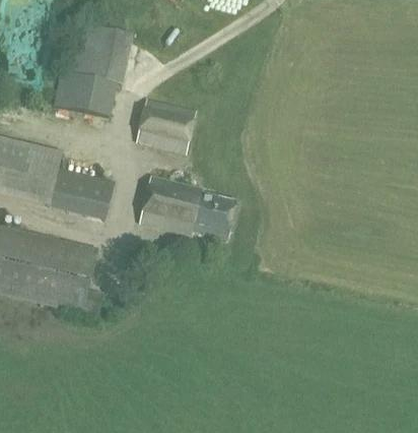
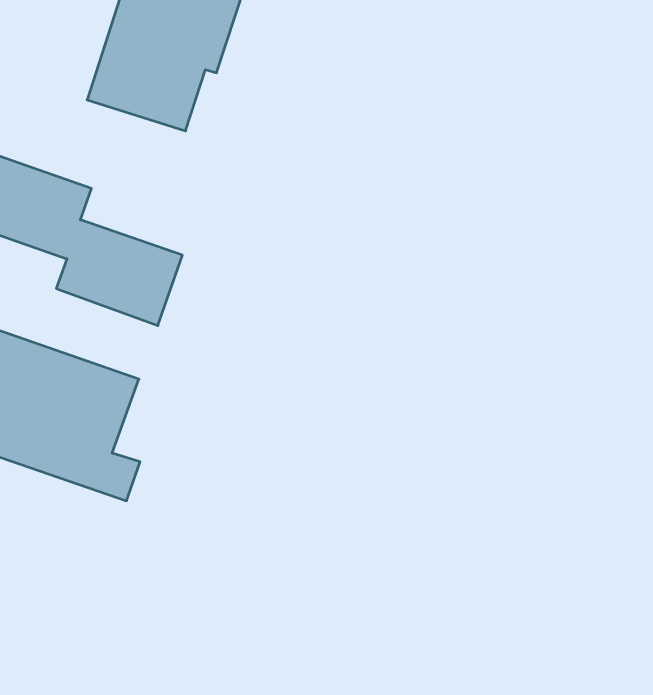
building: [136,100,196,153] -> none
building: [140,176,236,240] -> none

